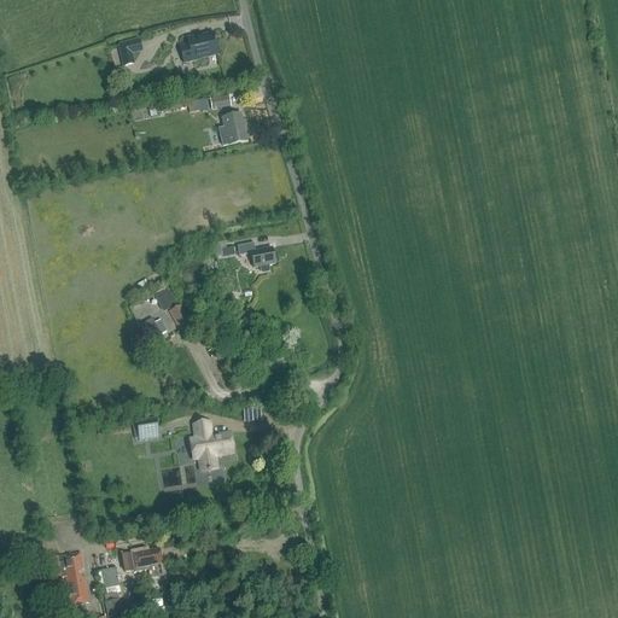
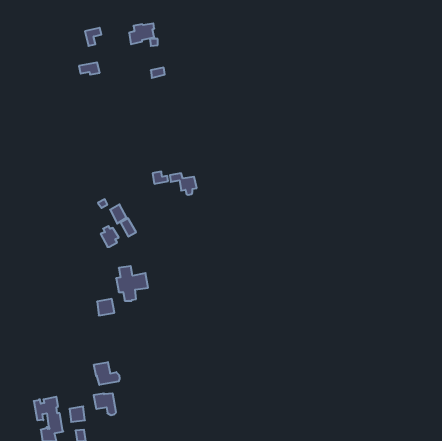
building: [221,112,247,144] -> none
building: [190,421,234,470] -> [116,266,148,301]
building: none -> [94,362,120,385]

